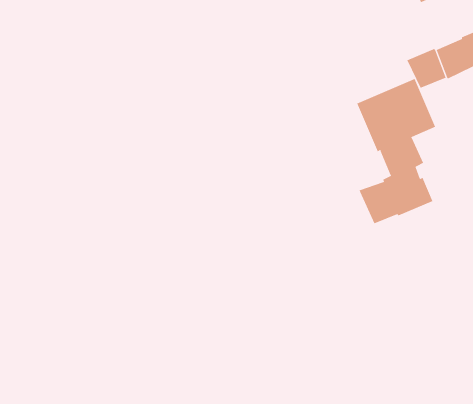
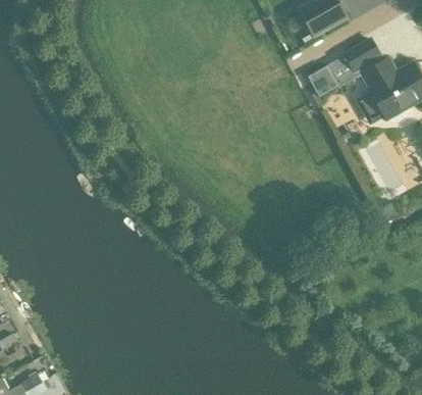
building: [357,78,436,224] -> none

